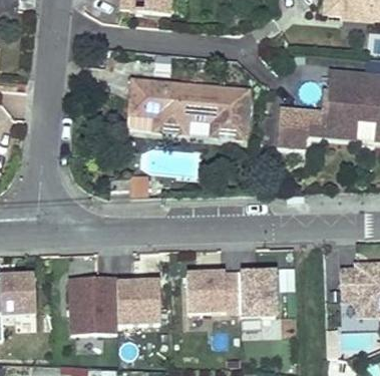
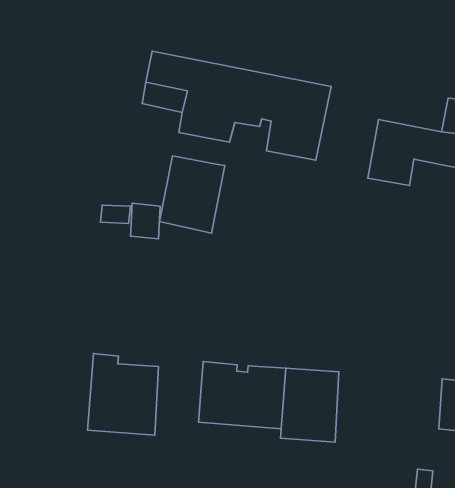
building: none -> [160,156,225,233]
building: [69,275,117,333] -> none

